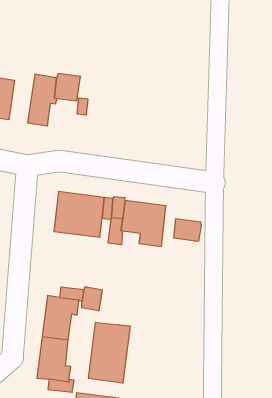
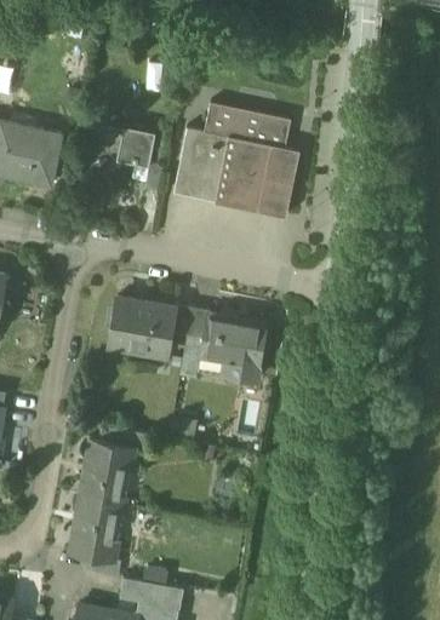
building: none -> [172,101,301,217]
building: [174,219,201,241] -> none
building: [82,287,102,311] -> none
building: [89,322,130,383] -> none

